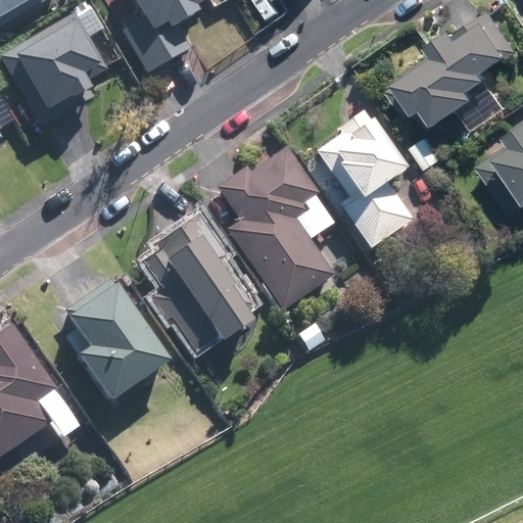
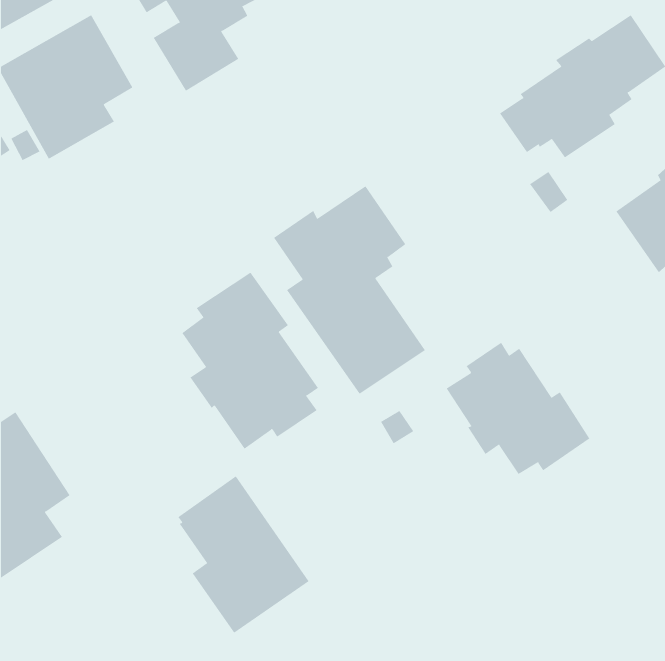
building: [316,109,414,248] -> none
building: none -> [446,342,590,475]
building: [64,278,168,401] -> [178,476,309,634]

